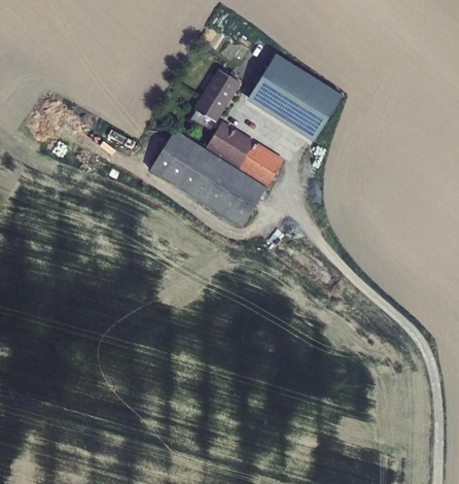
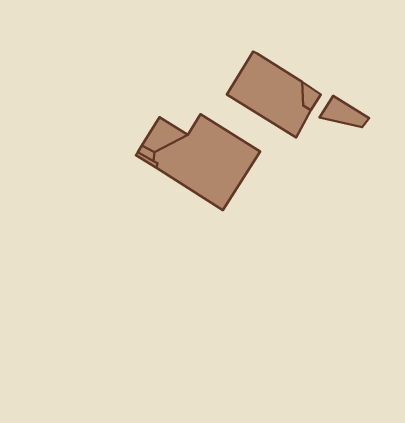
building: [196,69,238,119] -> none
building: none -> [319,96,369,127]

